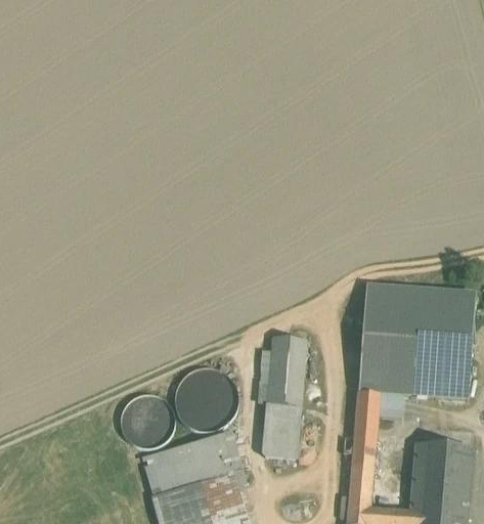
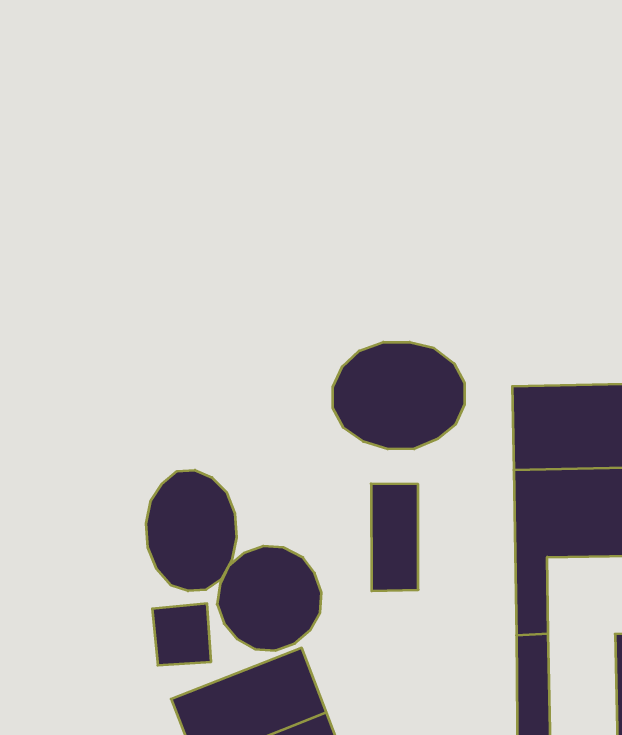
building: none -> [333,342,465,449]
building: none -> [146,470,237,591]
building: [264,402,298,458] -> none

